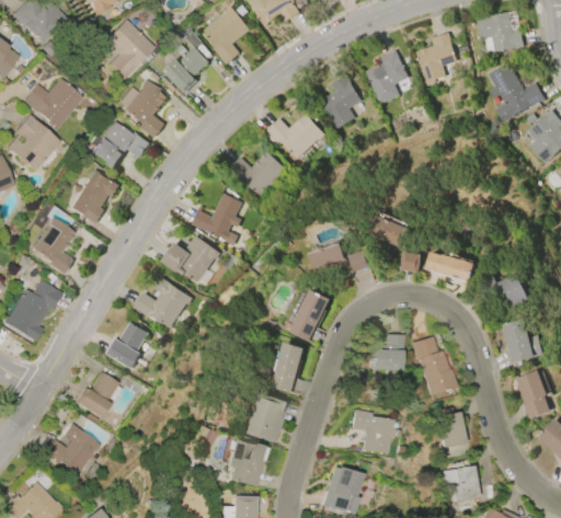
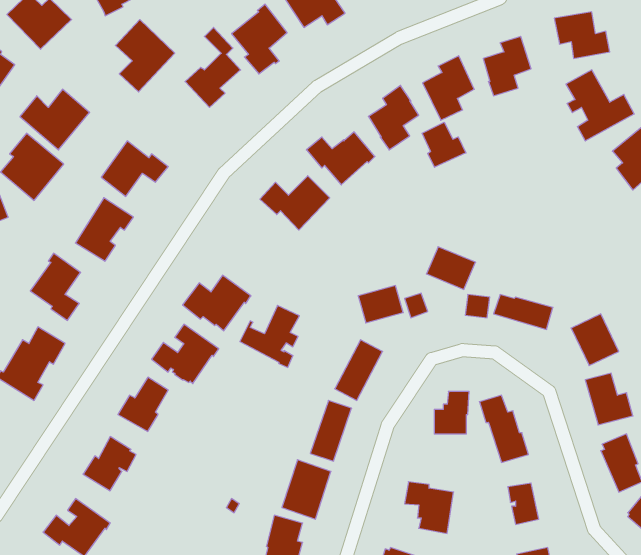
building: [119,79,169,138] -> none
building: none -> [422,122,466,167]
building: [192,193,242,245] -> [240,305,299,367]

